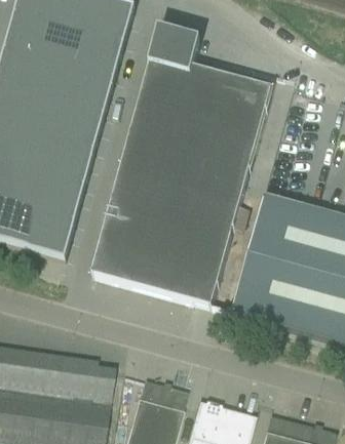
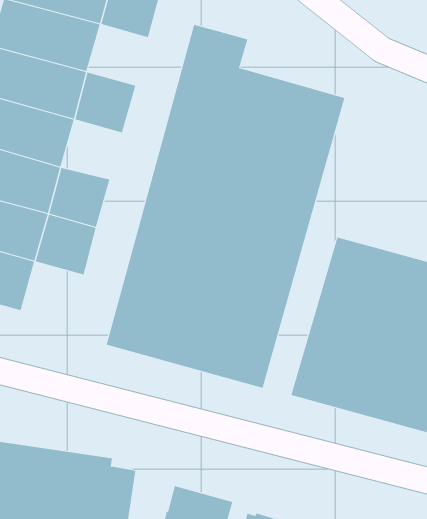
building: [77,32,123,78] -> none
building: [57,104,104,149] -> none
building: [28,210,75,257] -> none

